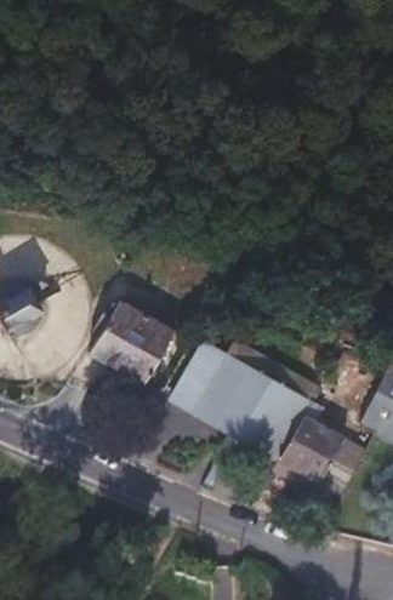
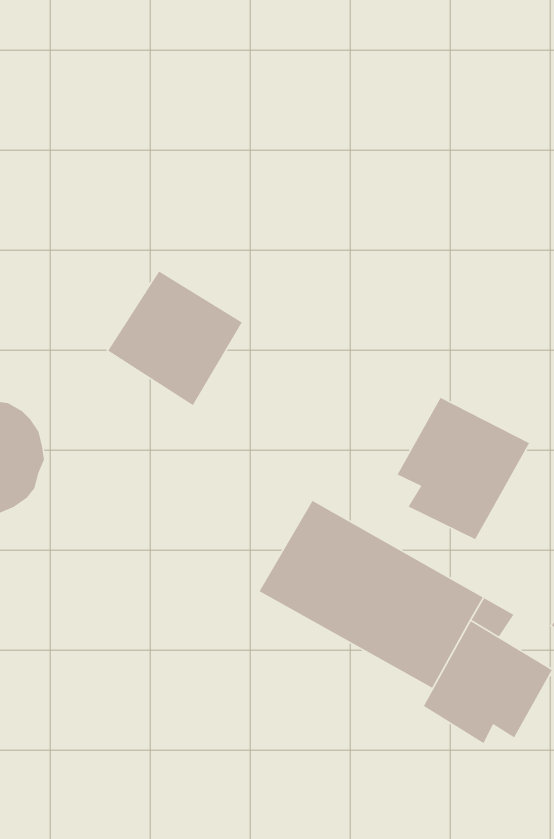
building: none -> [396,397,530,540]
building: [90,301,176,387] -> [107,271,243,406]

